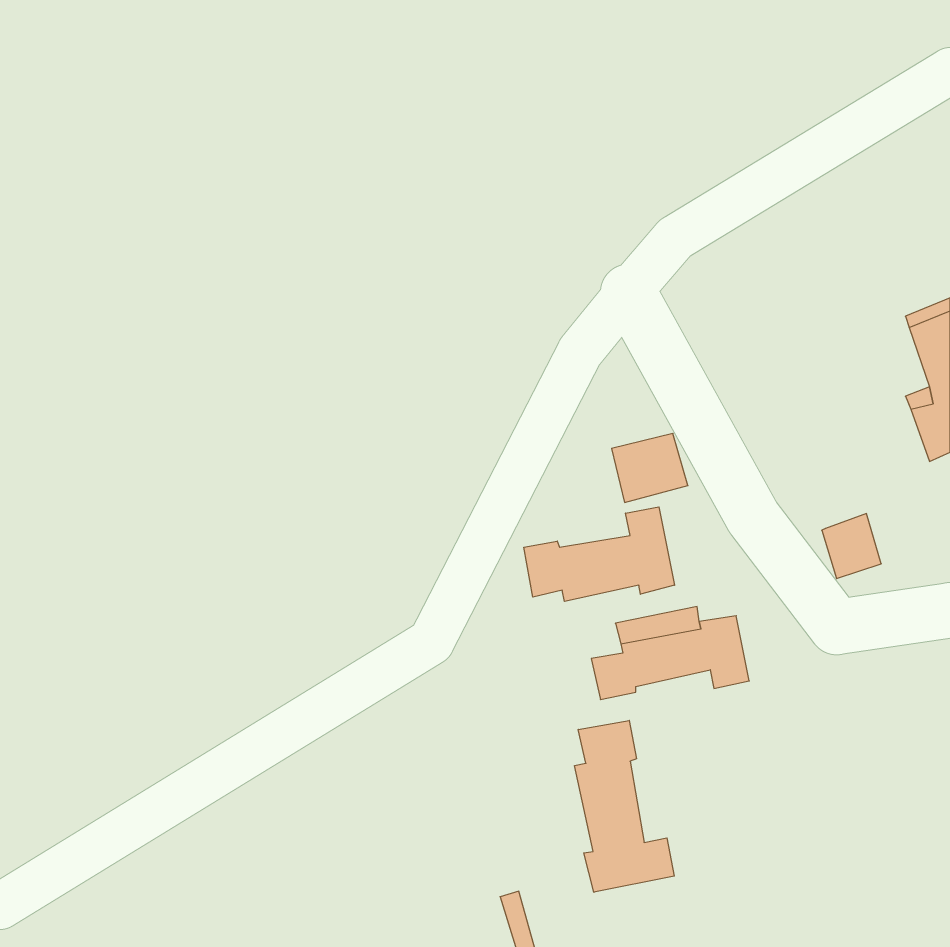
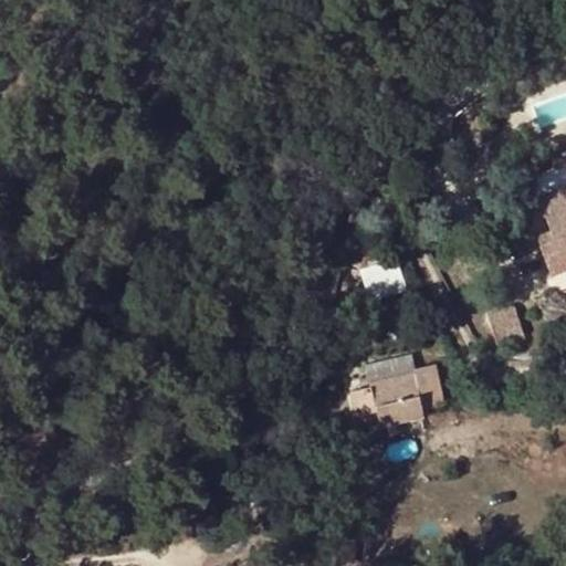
building: [524,507,675,601] -> none
building: [575,720,674,892] -> none

